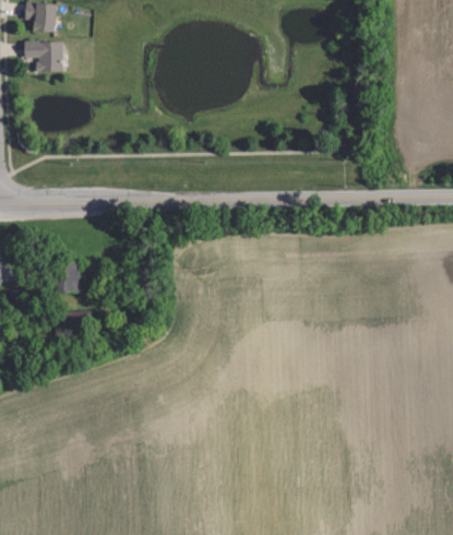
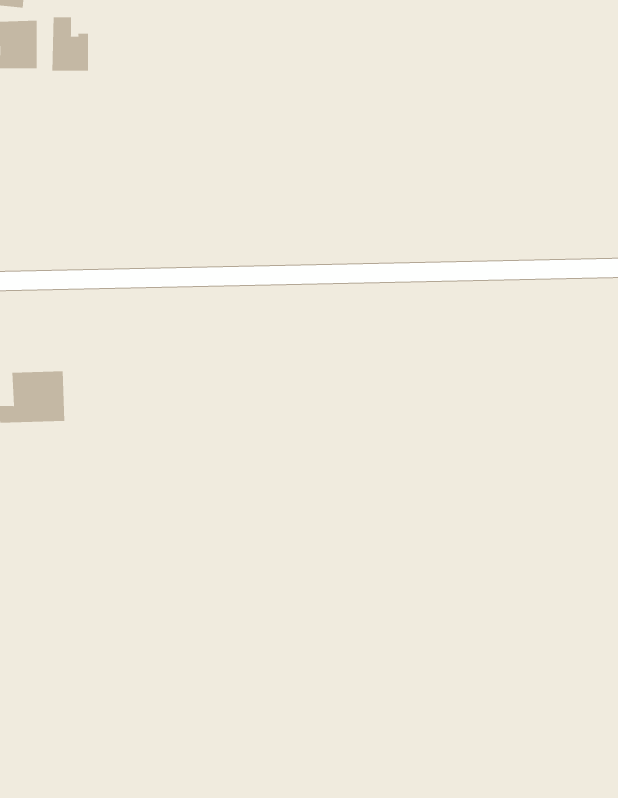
building: none -> [52,17,88,72]

